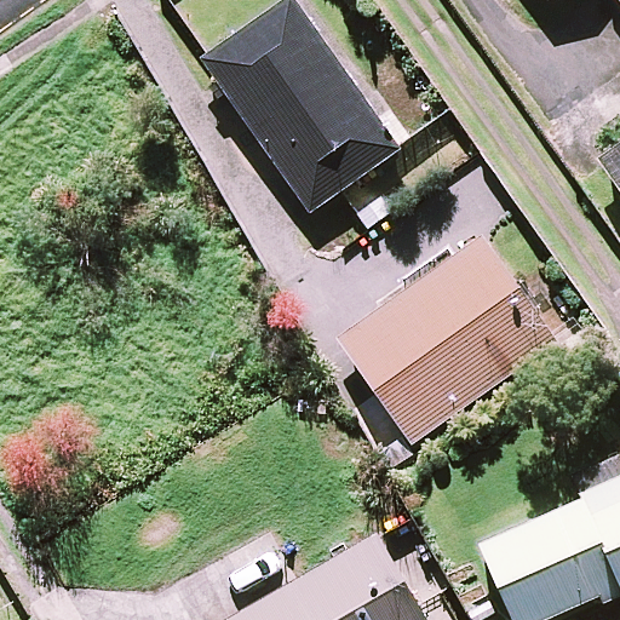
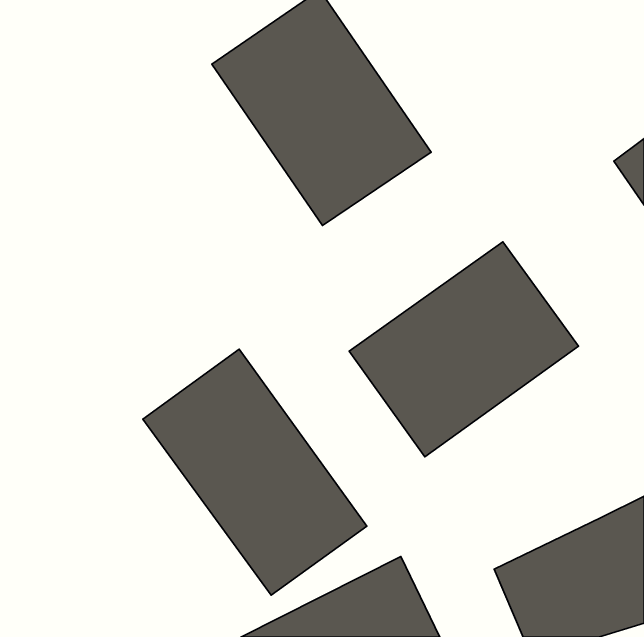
building: none -> [143,349,367,595]

